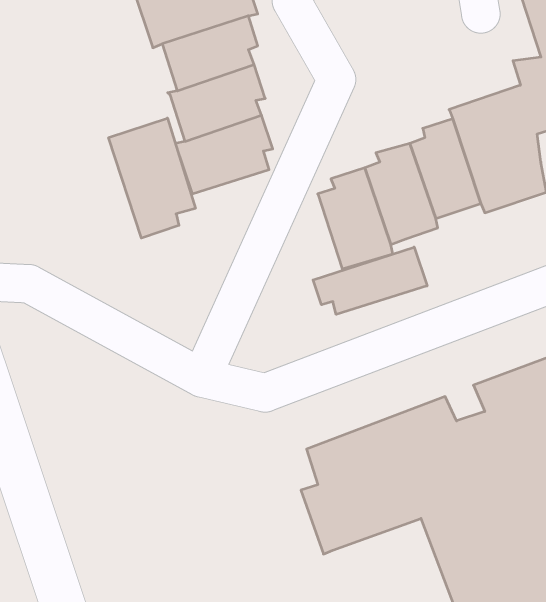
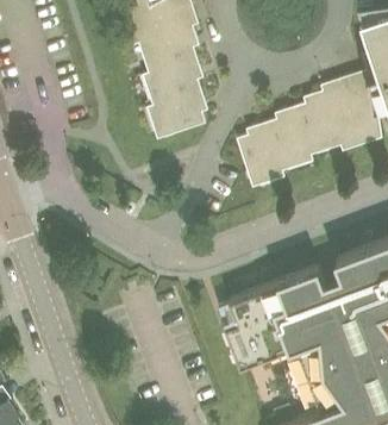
building: [109,118,195,238] -> none
building: [313,247,427,314] -> none

